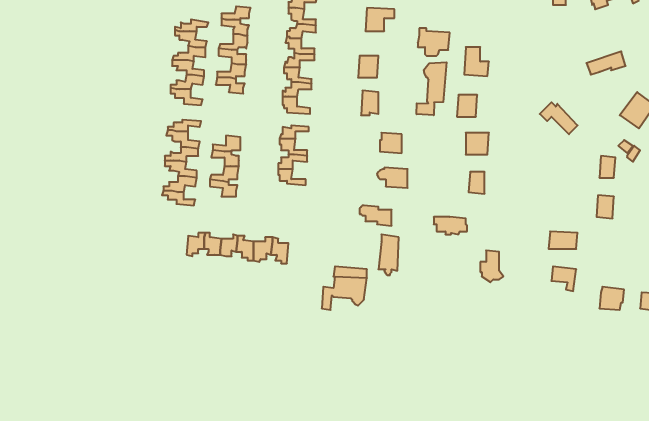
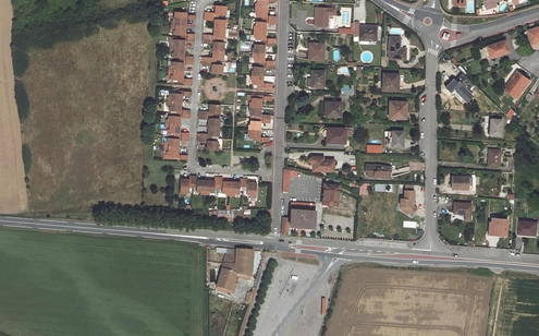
building: [417,62,447,115] -> none
building: none -> [216,249,252,291]

